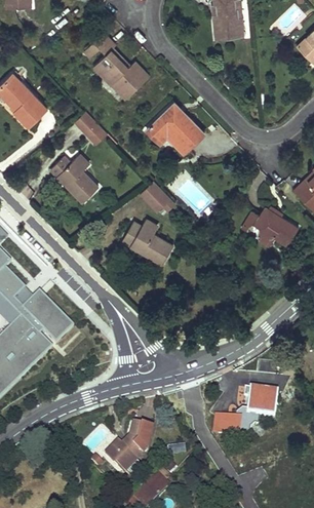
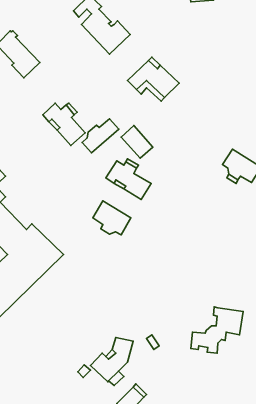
building: [72,111,107,146] -> none
building: none -> [82,119,119,153]
building: none -> [93,201,131,235]

